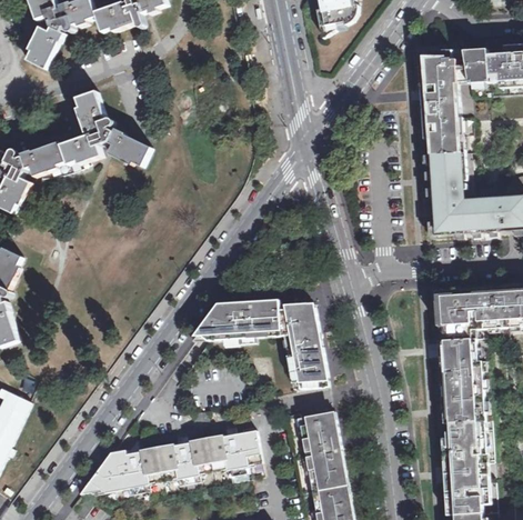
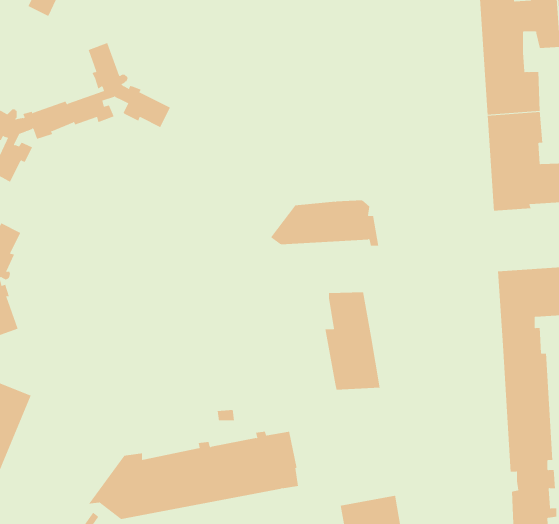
building: [199,300,293,340] -> [270,200,379,246]
building: [284,410,348,493] -> none

